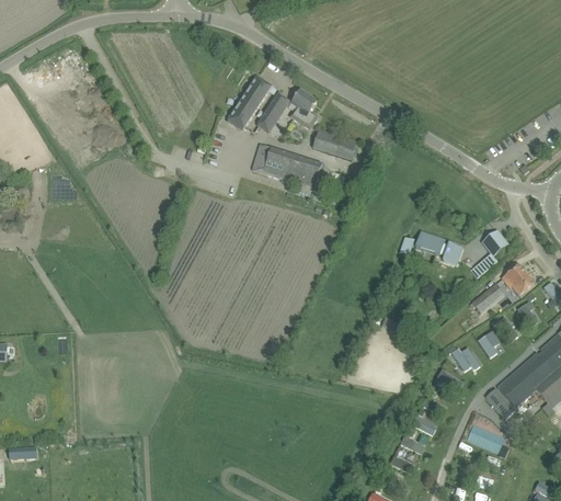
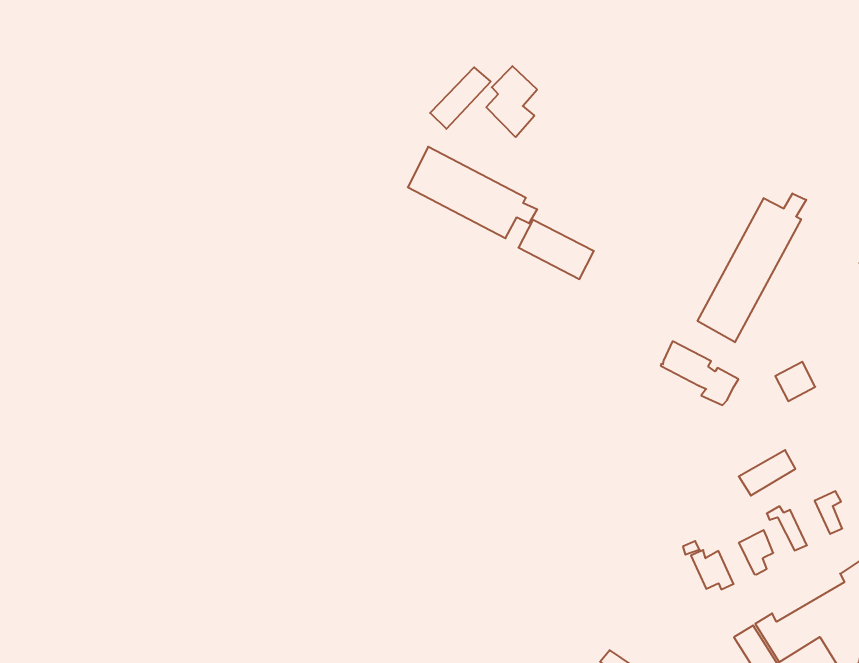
building: [228,76,272,129] -> none
building: [313,129,357,159] -> [518,220,594,279]
building: none -> [698,193,806,342]
building: [502,263,534,294] -> none

